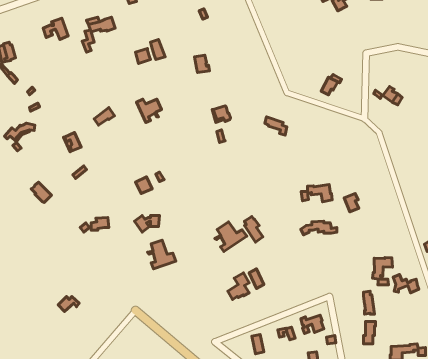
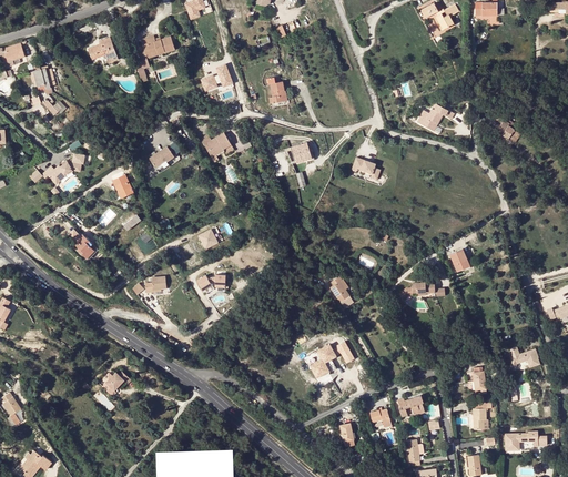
building: [301,185,332,202] -> none
building: [215,222,247,251] -> none
building: [148,240,176,269] -> none
building: [373,258,393,285] -> none

